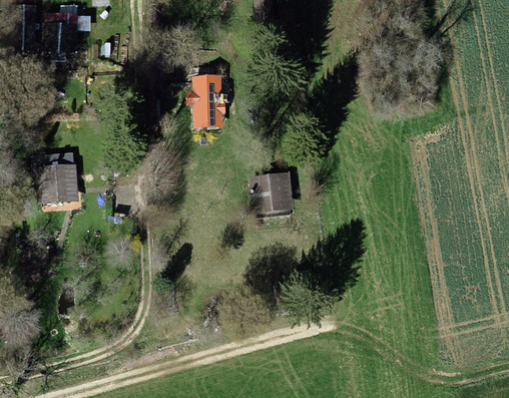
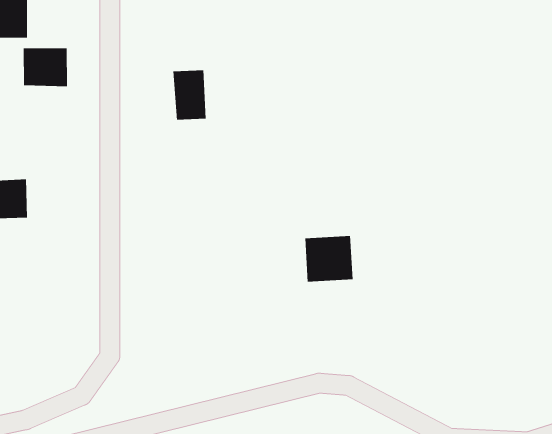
building: none -> [23,48,68,87]
building: [250,174,291,213] -> [304,236,353,282]

